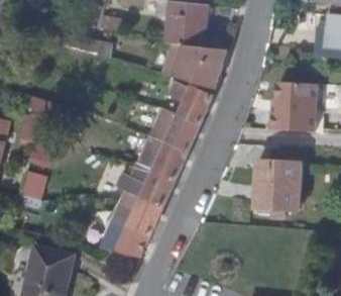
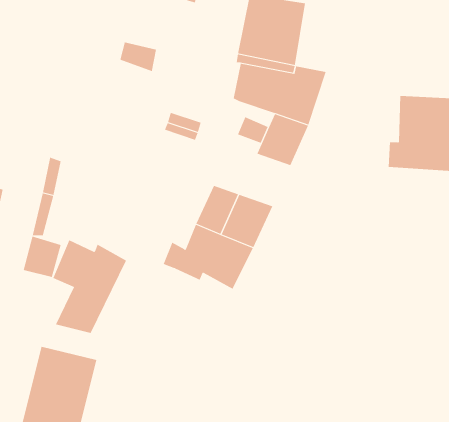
building: [150,106,203,149] -> none
building: [252,161,300,204] -> none
building: [113,191,163,255] -> [52,239,127,333]

